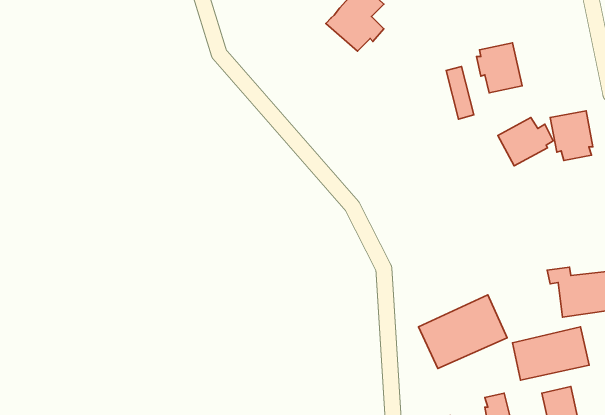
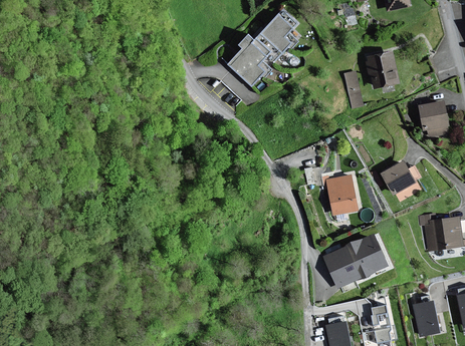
building: none -> [227,33,279,86]
building: [498,117,553,166] -> [381,159,421,195]
building: none -> [321,175,359,215]
building: [512,327,589,380] -> none

